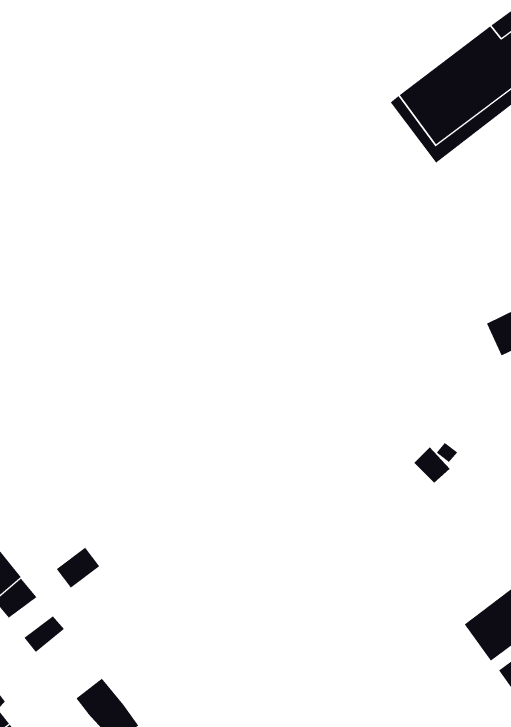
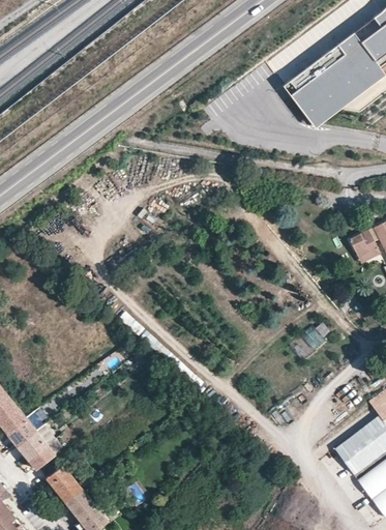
building: [56,547,100,588] -> [17,430,48,459]
building: none -> [46,464,82,501]

